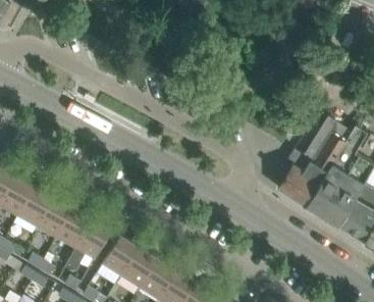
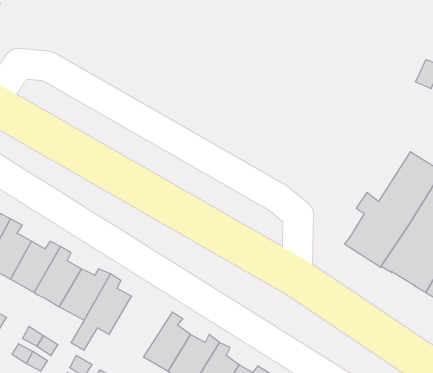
building: [100,236,142,278] -> none

